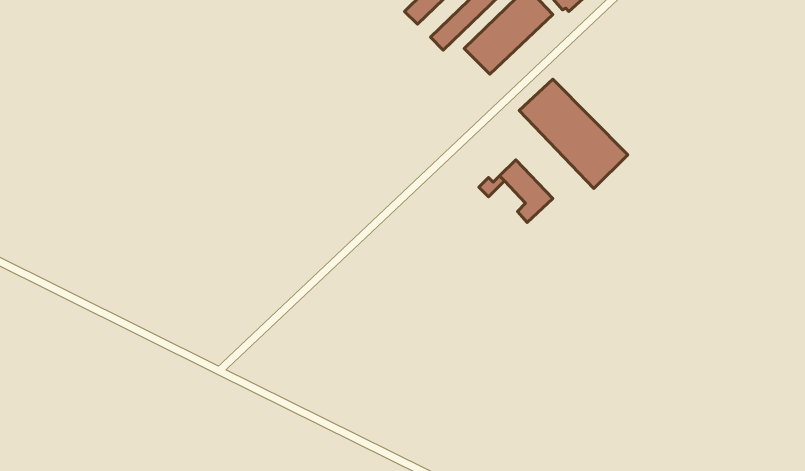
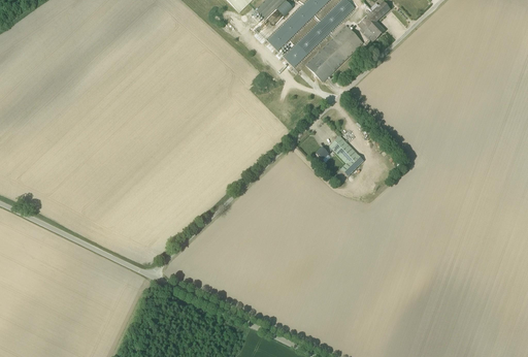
building: [519,79,628,189] -> none

